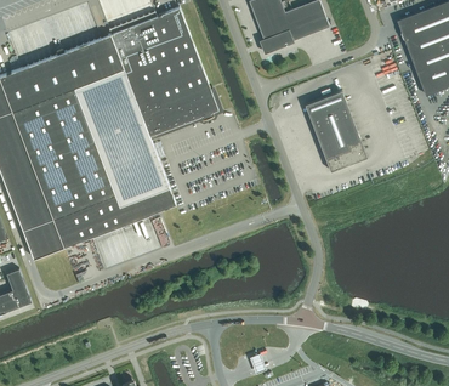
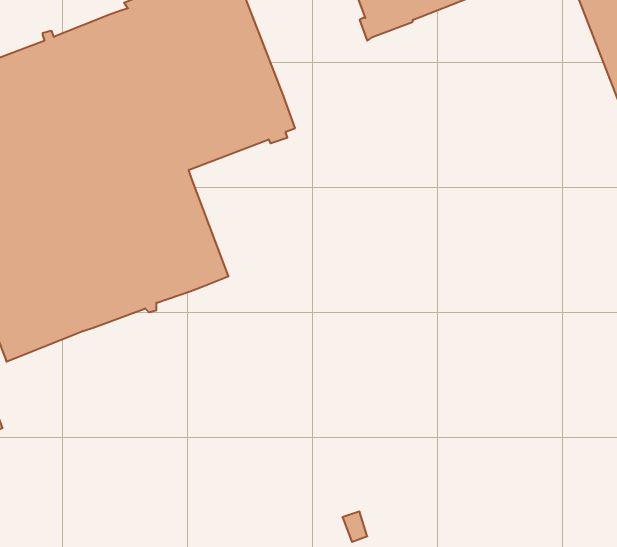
building: [303,91,366,171] -> none

